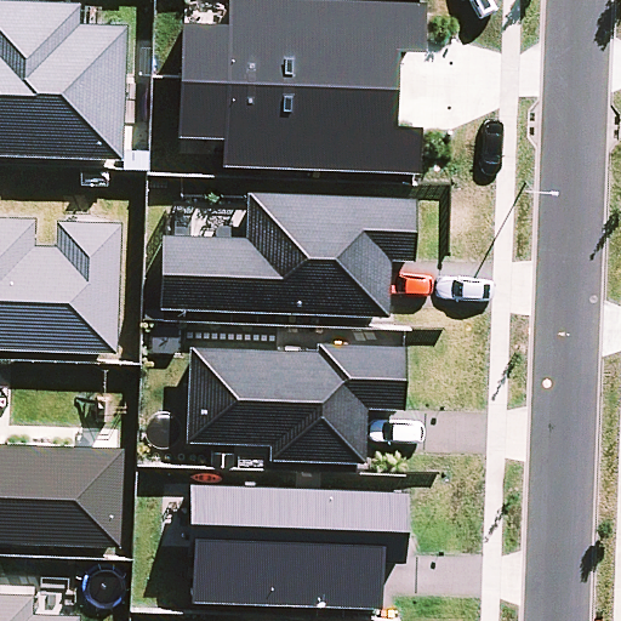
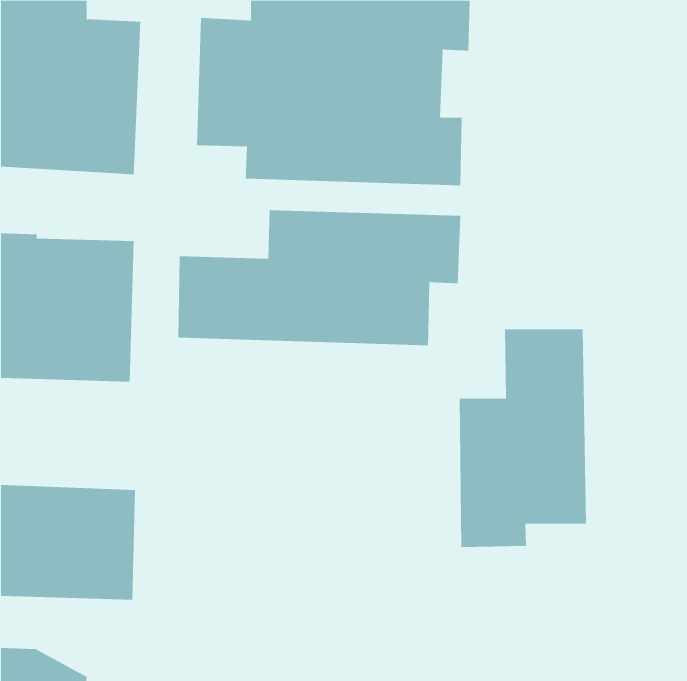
building: none -> [459,329,586,548]
building: [187,346,404,462] -> none
building: [186,484,406,608] -> none

